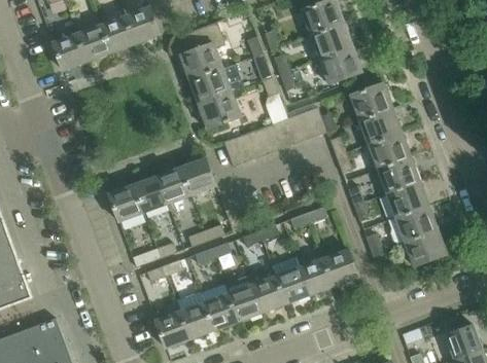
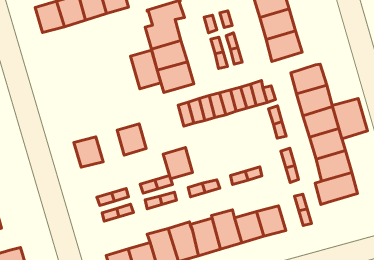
building: none -> [131,50,161,89]
building: none -> [332,98,367,139]
building: [181,157,216,194] -> [163,148,193,179]
building: [133,176,167,213] -> none
building: [405,228,447,265] -> none

